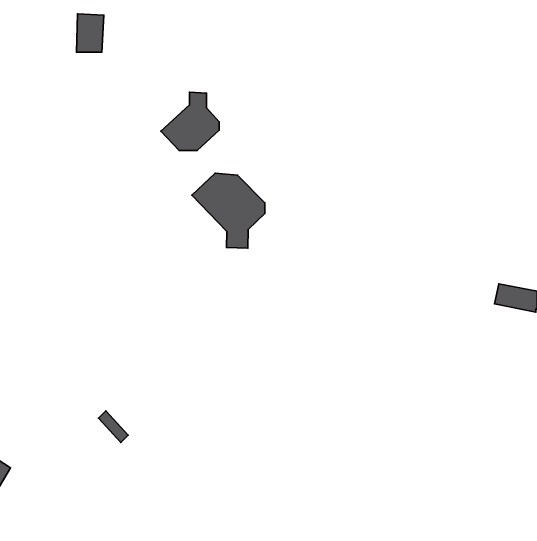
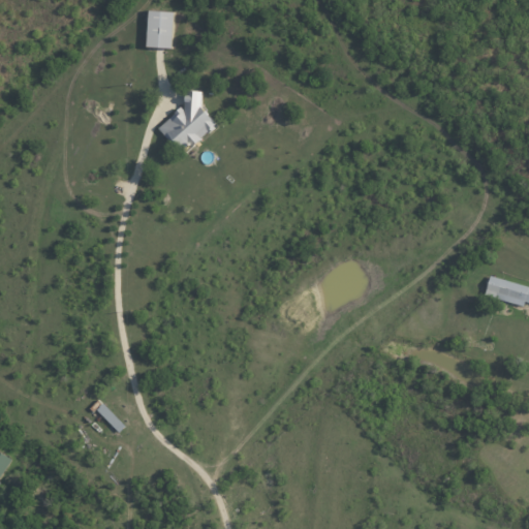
building: [76,14,104,52] -> [147,9,174,46]
building: [192,173,265,248] -> none

